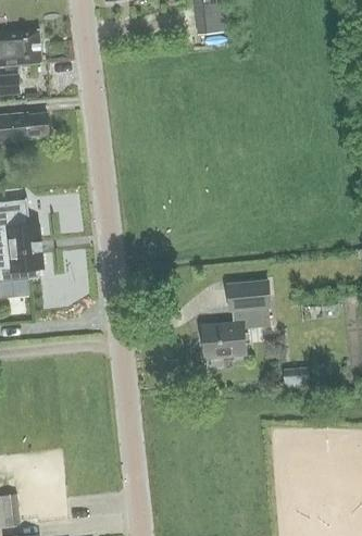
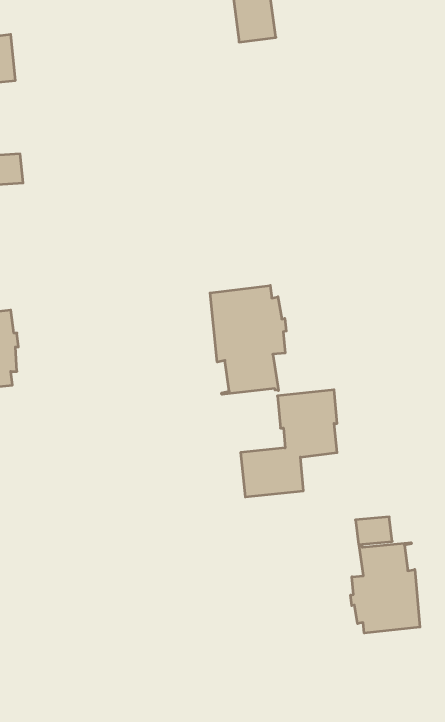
building: none -> [210,285,286,394]
building: none -> [351,543,420,633]

